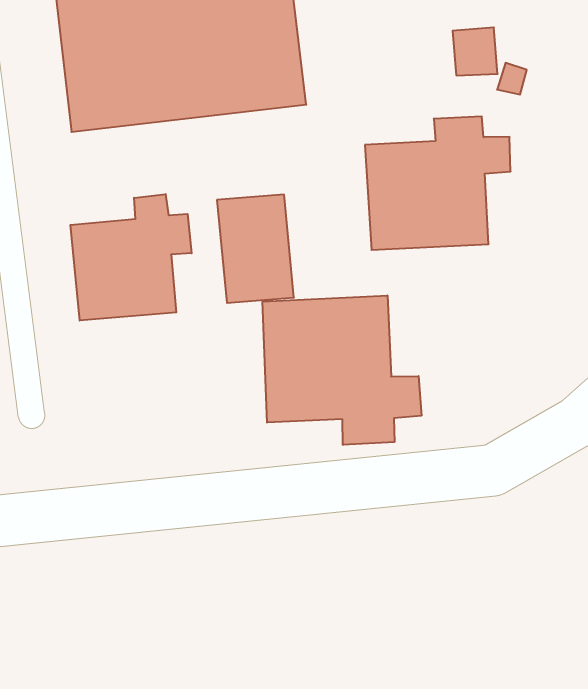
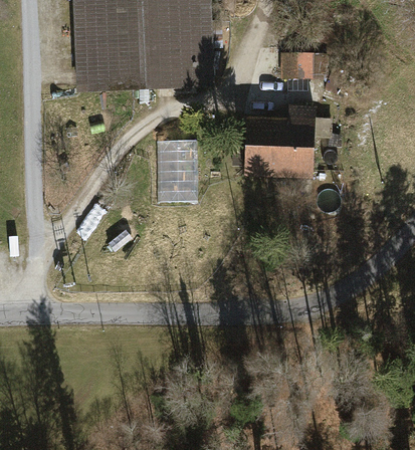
building: [70,194,192,321] -> none
building: [262,295,421,445] -> none

